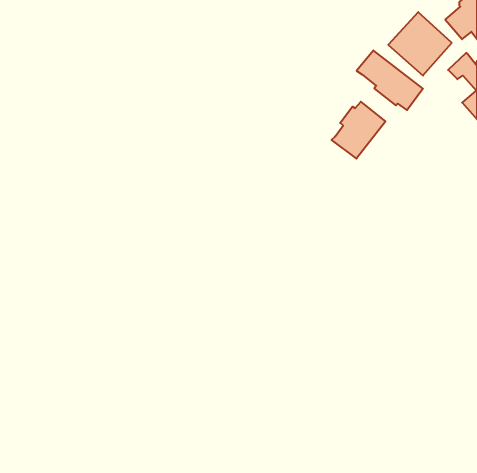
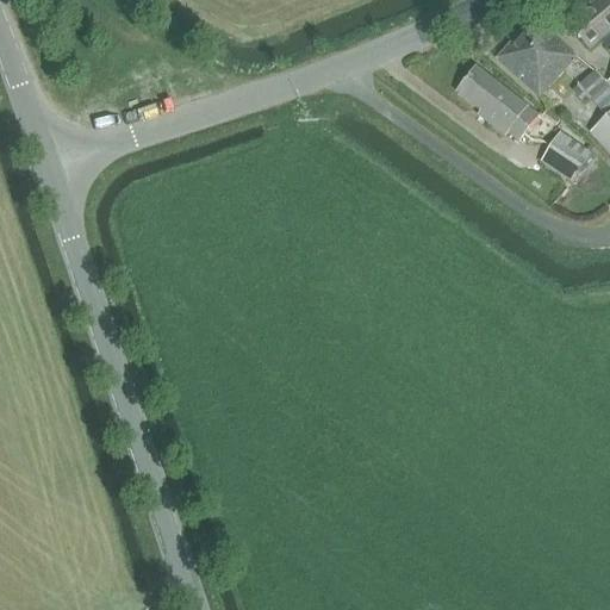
building: none -> [542,130,592,181]
building: [332,102,385,159] -> none

